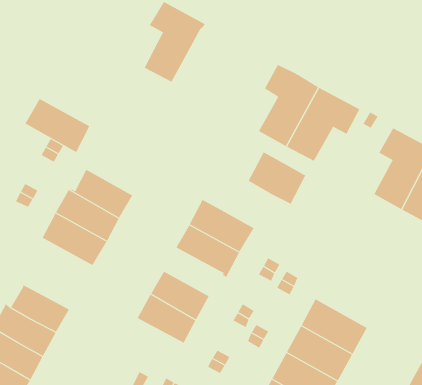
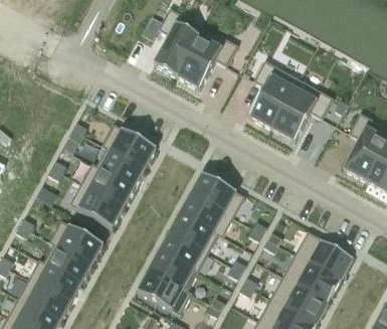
building: none -> [177,32,238,90]
building: [24,98,90,153] -> [102,125,156,170]
building: [248,152,307,204] -> none
building: none -> [170,213,219,254]
building: none -> [48,220,104,265]
building: none -> [296,233,351,280]
building: none -> [137,272,192,316]

